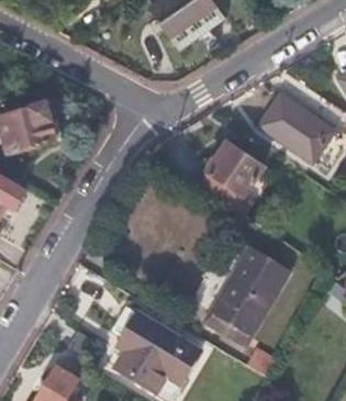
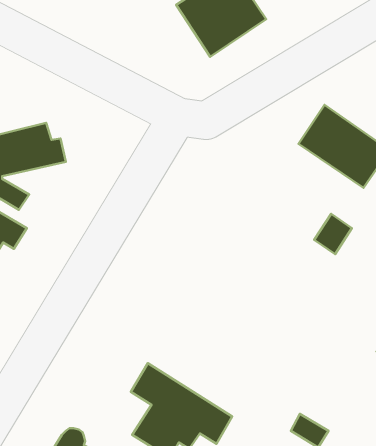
building: [198,137,263,215] -> none
building: [204,250,289,348] -> none

